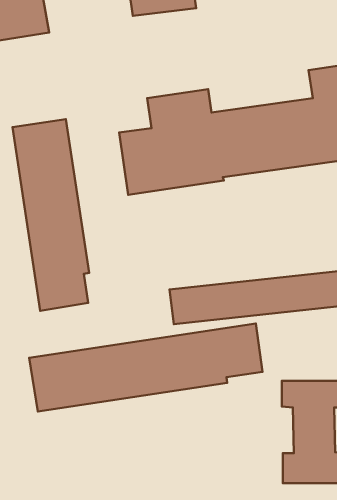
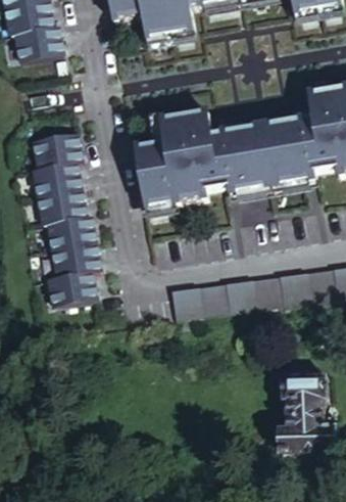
building: [29,324,262,412] -> none

